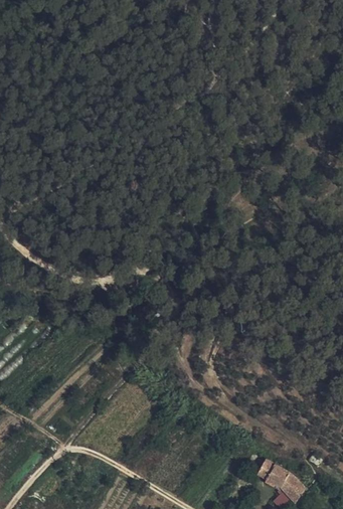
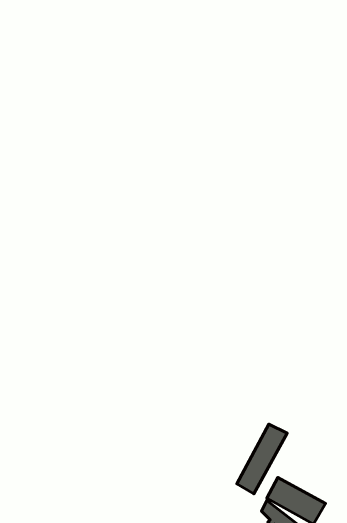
building: none -> [237,424,287,494]

